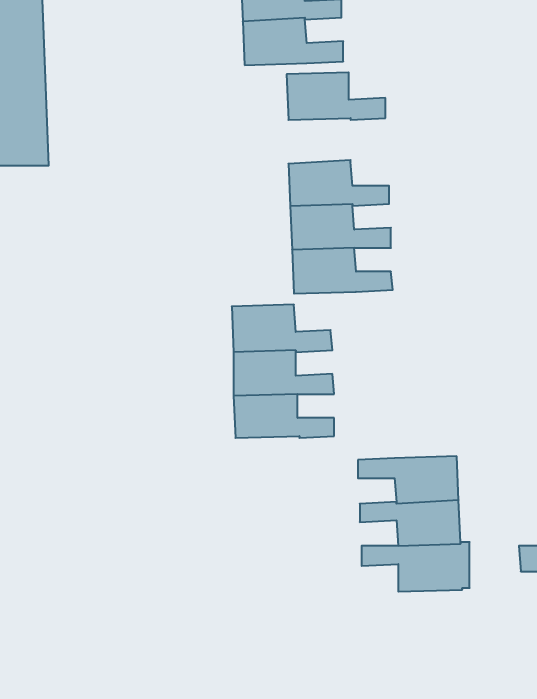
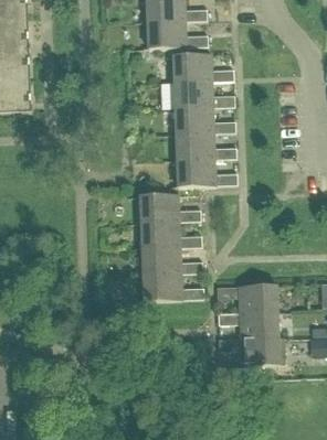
building: none -> [175,81,234,108]
building: none -> [143,272,203,301]

